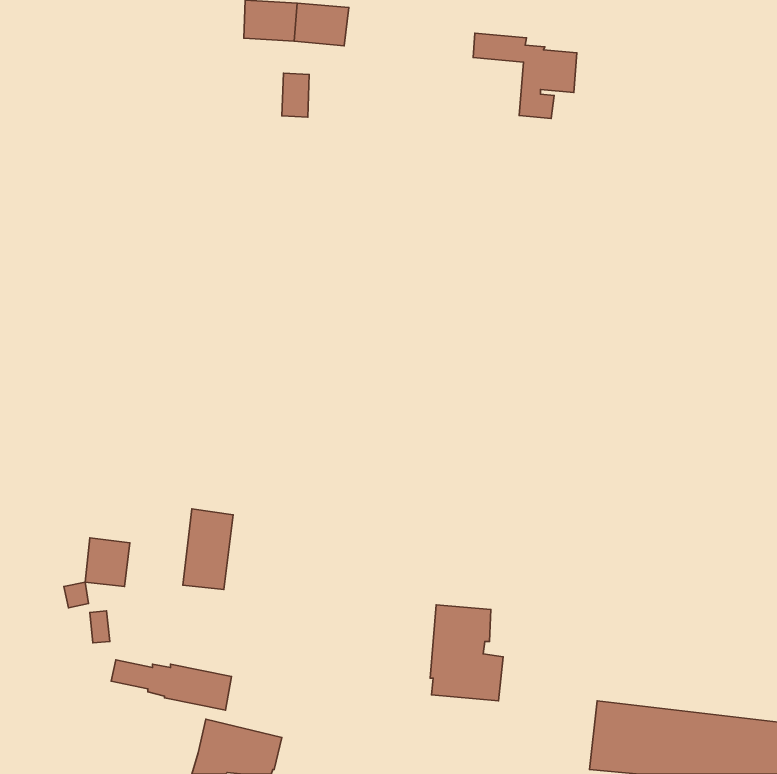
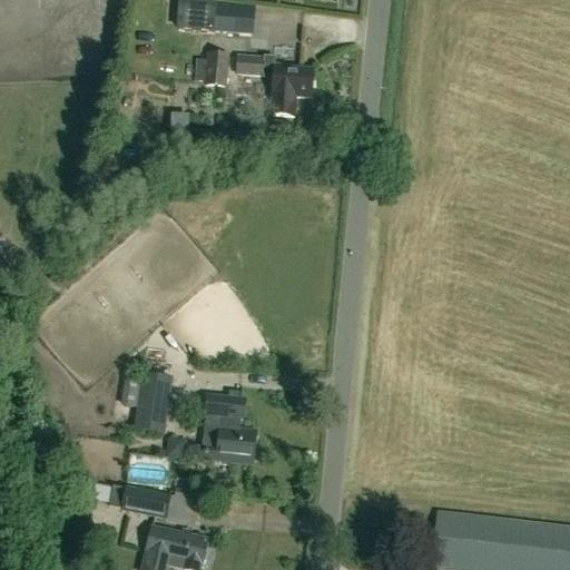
building: [473,33,577,118] -> [237,55,313,117]
building: [85,538,130,587] -> none
building: [430,605,503,701] -> [202,393,255,463]

